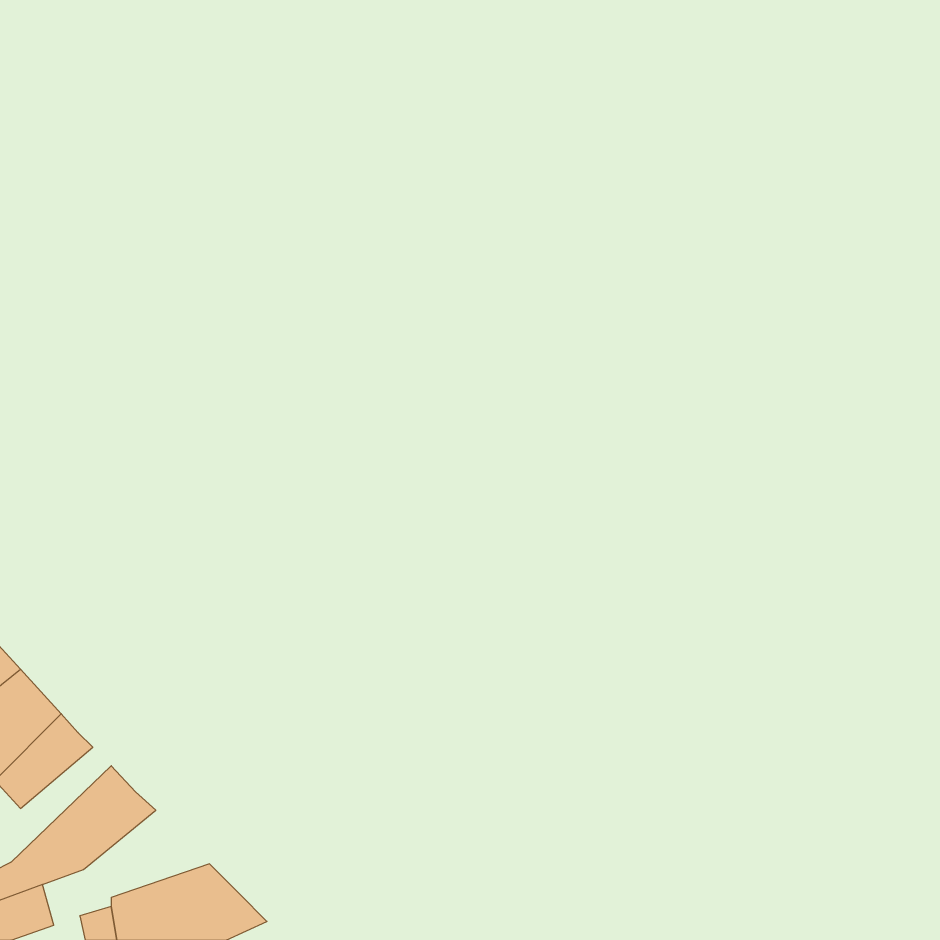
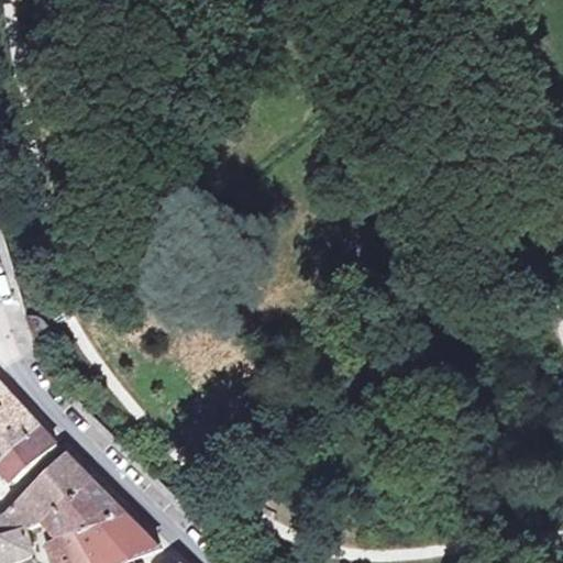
building: none -> [49,481,124,532]

